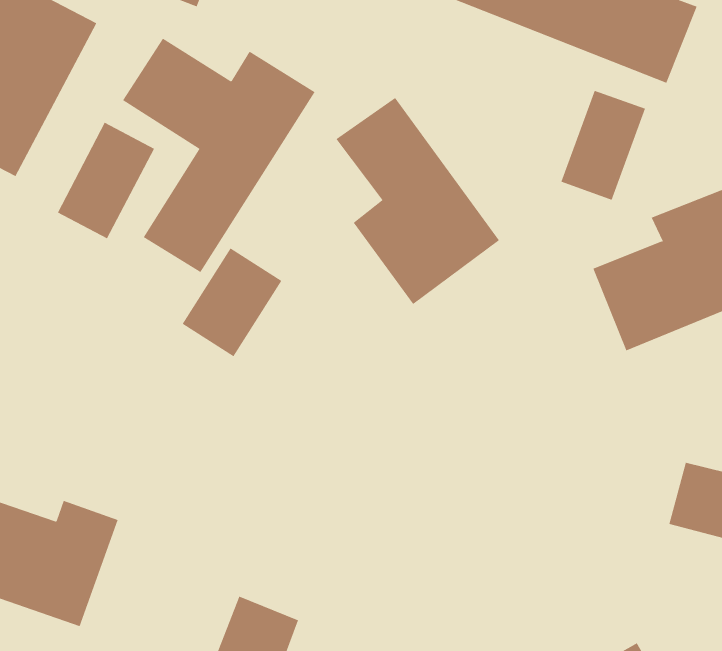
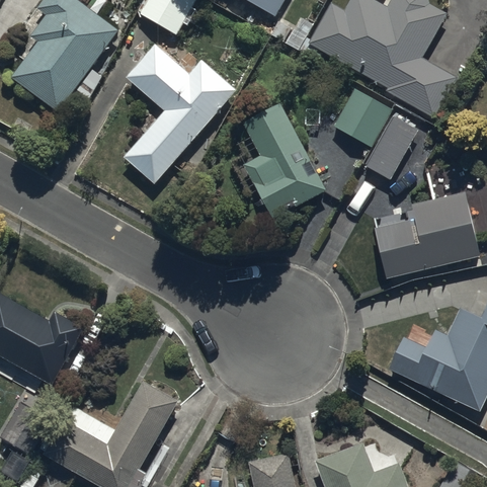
building: none -> [331,87,391,150]
building: [57,122,155,239] -> none
building: [182,248,282,357] -> none

